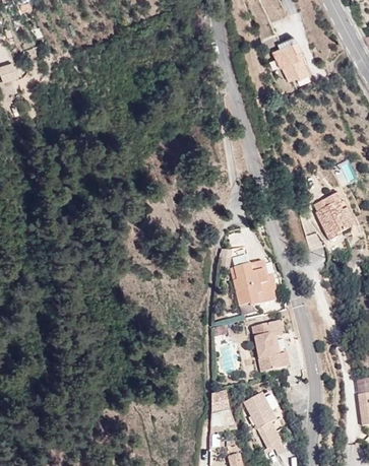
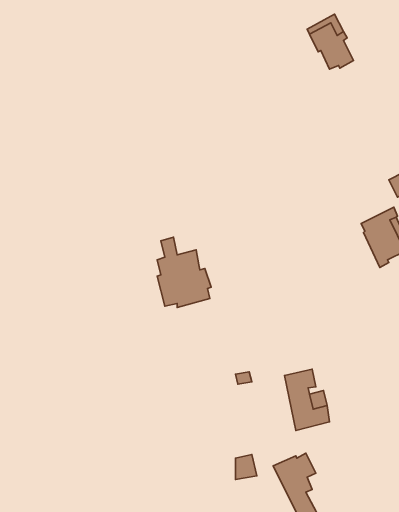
building: [233,250,276,307] -> [157,237,211,307]

